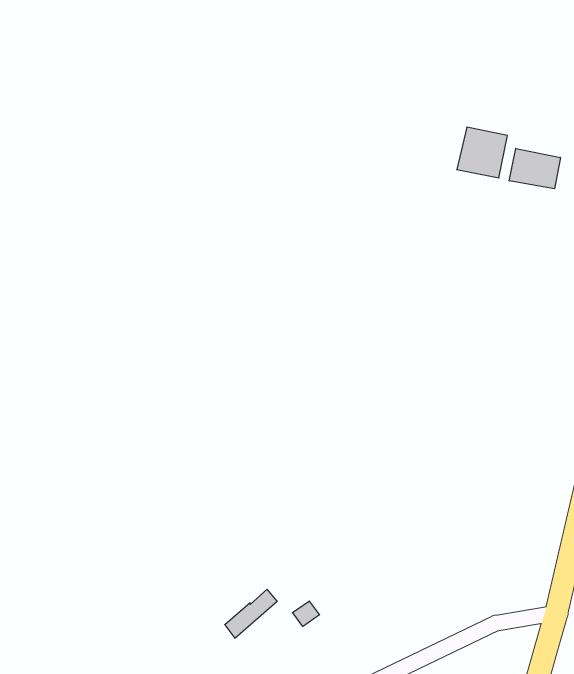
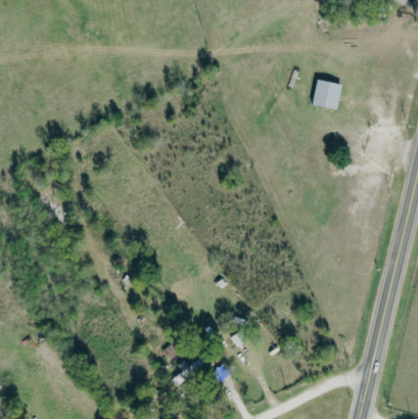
building: [509,148,560,189] -> none

